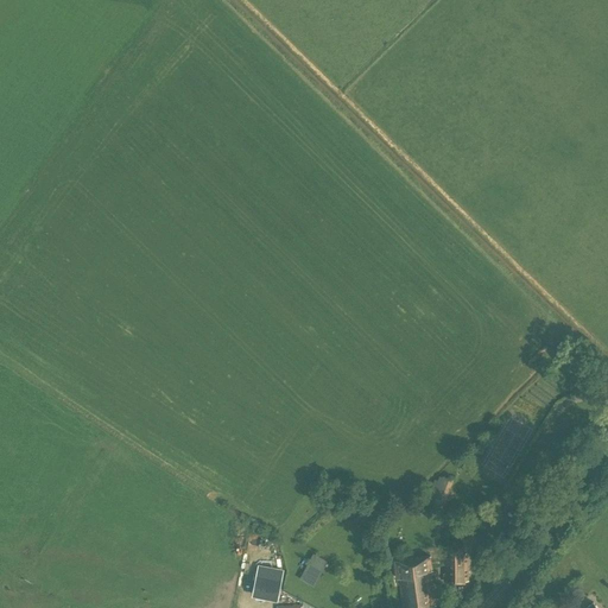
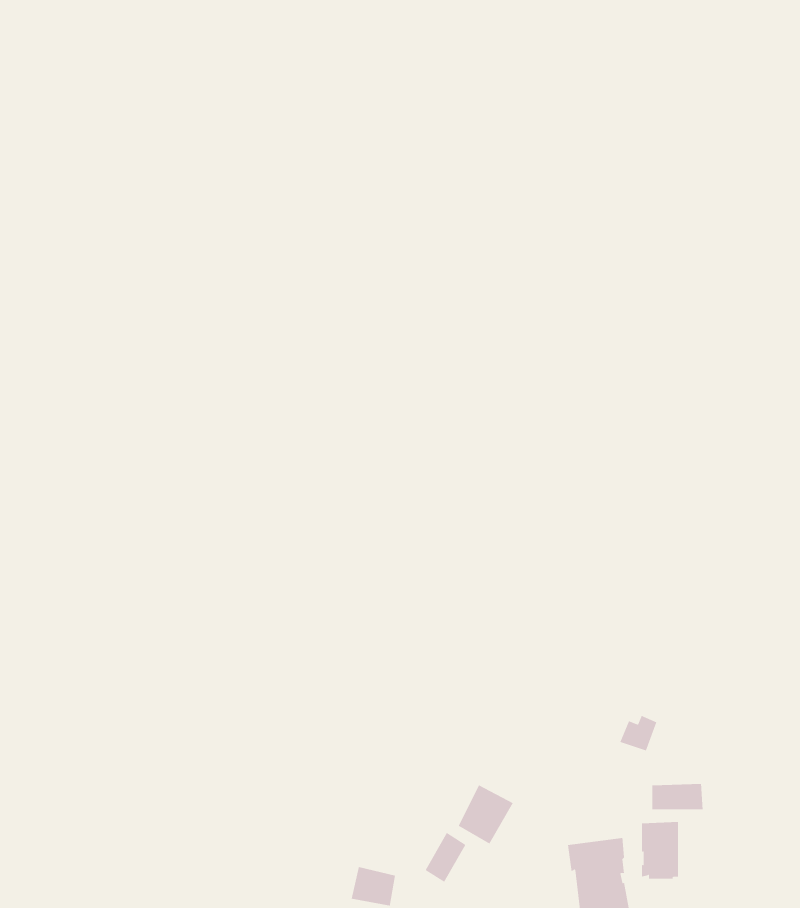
building: none -> [652,783,703,810]
building: none -> [458,785,514,845]

